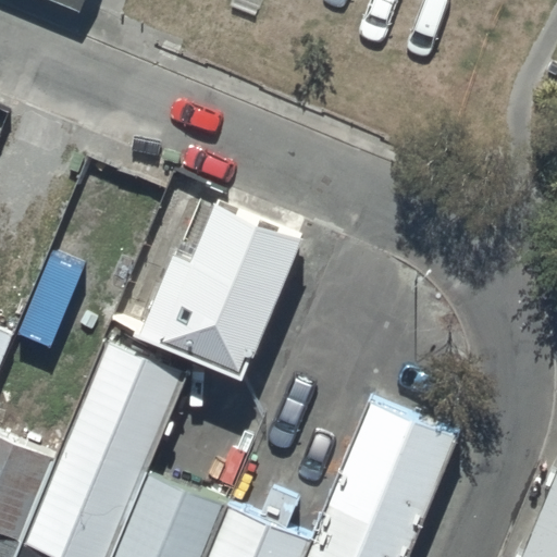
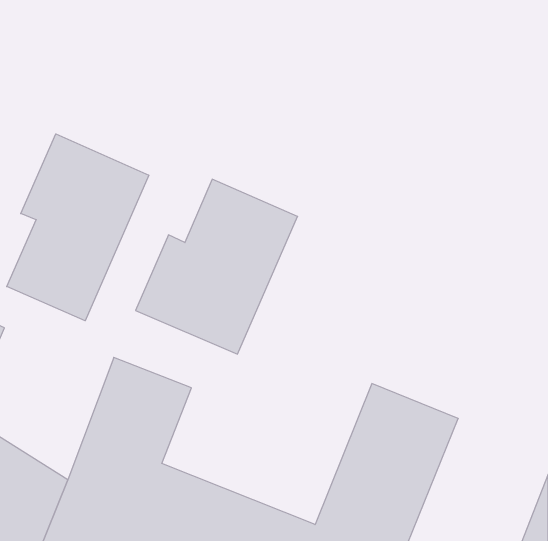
building: none -> [7,134,149,321]

